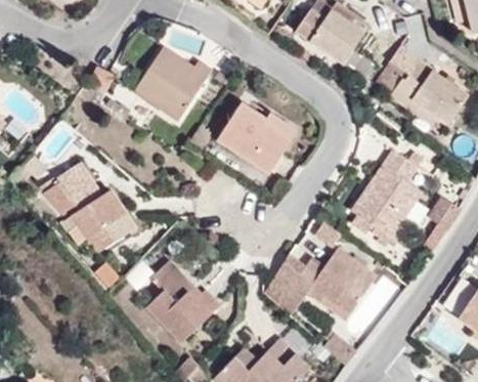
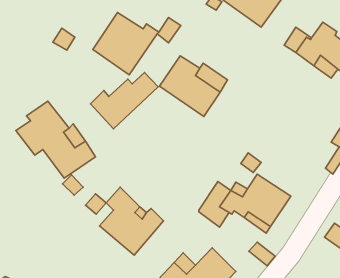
building: none -> [90,73,158,129]
building: [347,146,424,239] -> none

